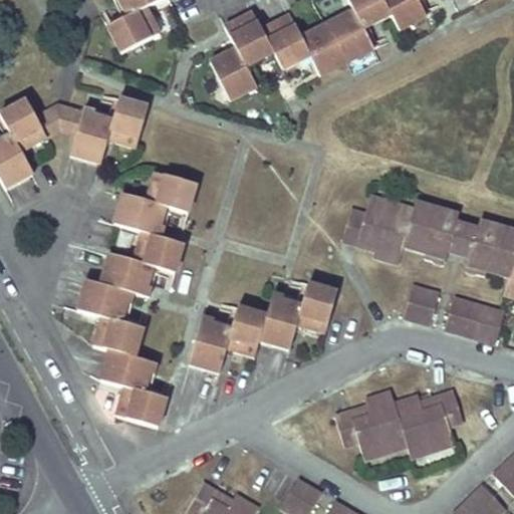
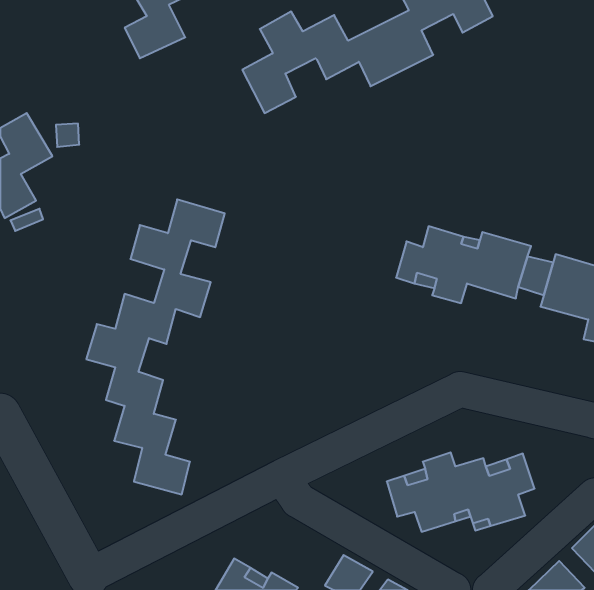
building: [70,96,149,163] -> none
building: [190,283,337,370] -> none
building: [404,284,439,323] -> none
building: [445,297,504,342] -> none

